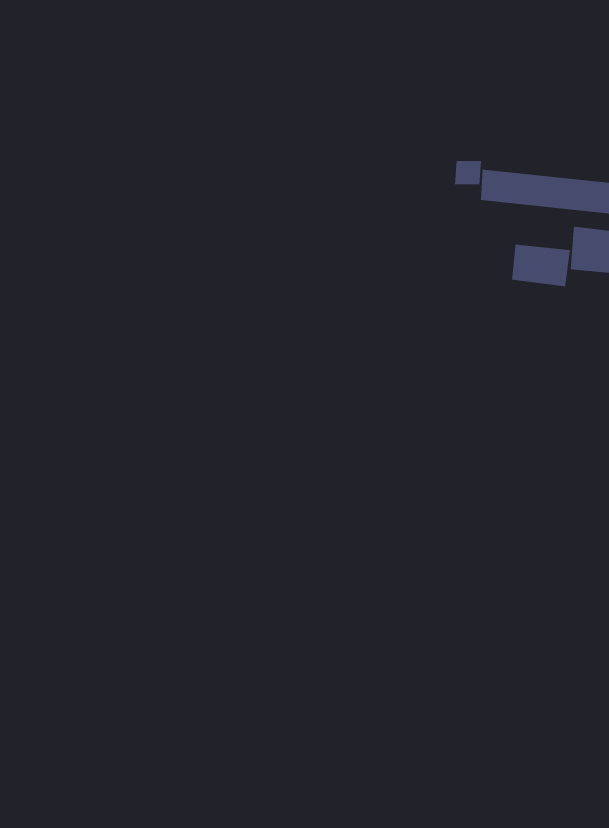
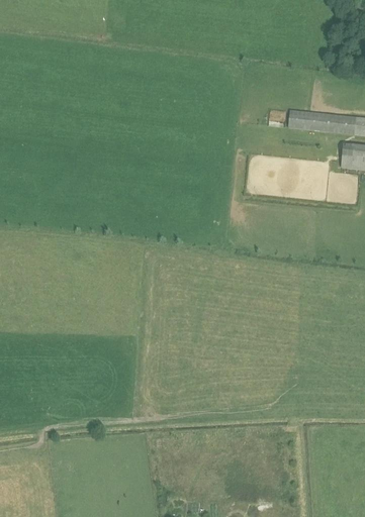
building: [512,244,571,287] -> none

